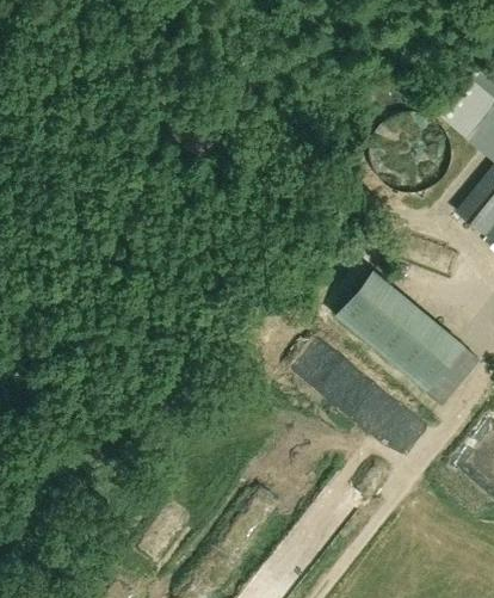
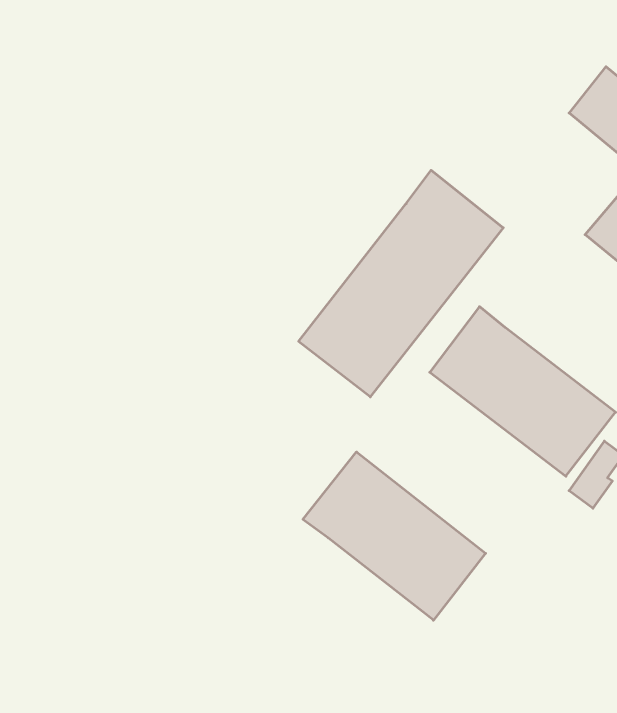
building: none -> [299,170,503,397]
building: none -> [303,452,486,620]

